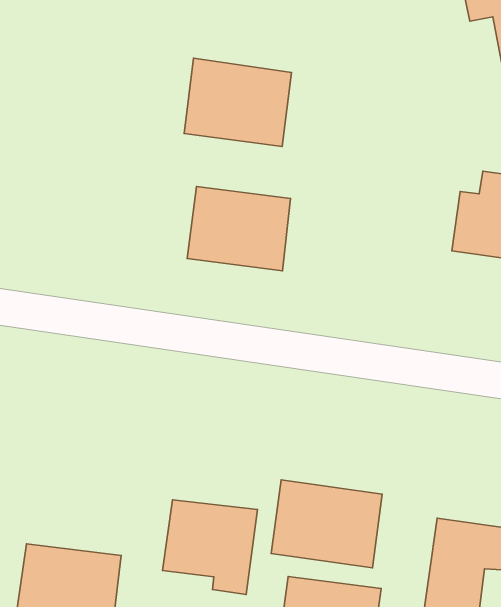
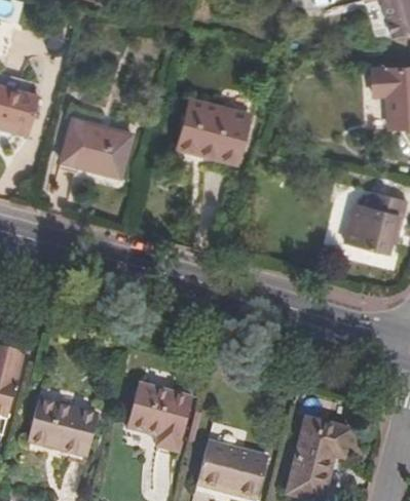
building: none -> [62,118,133,179]
building: [187,187,290,271] -> none
building: [271,480,382,568] -> none

